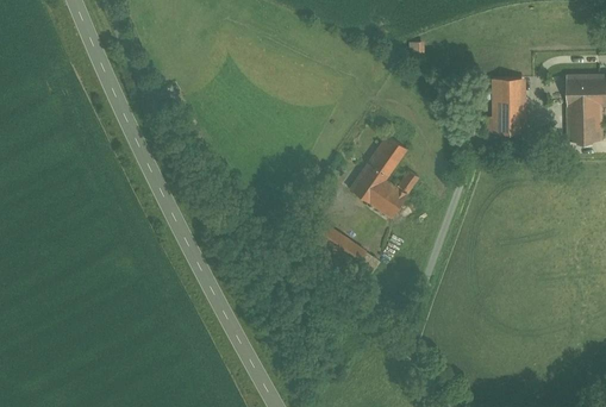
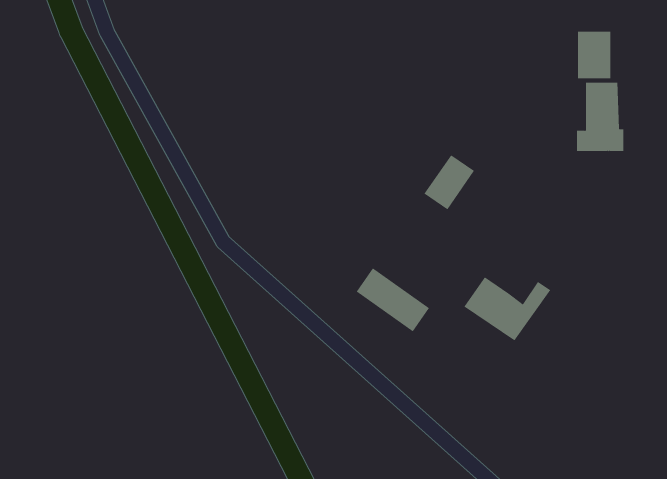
building: none -> [577,31,611,79]
building: [349,167,418,218] -> [464,276,551,341]

